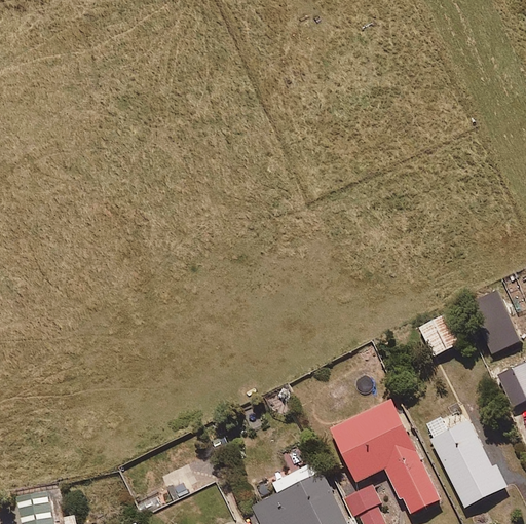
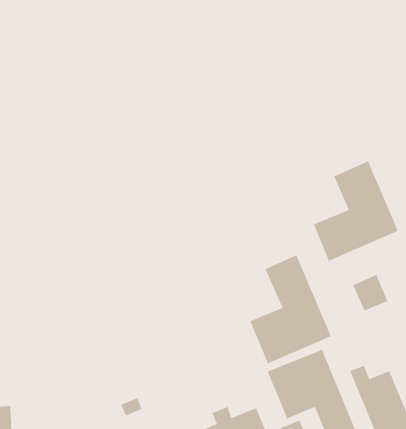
building: none -> [313,160,399,262]
building: none -> [249,254,332,364]

